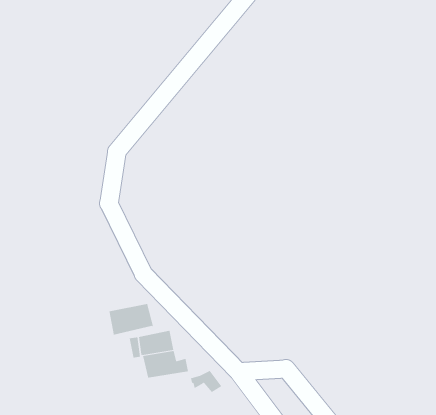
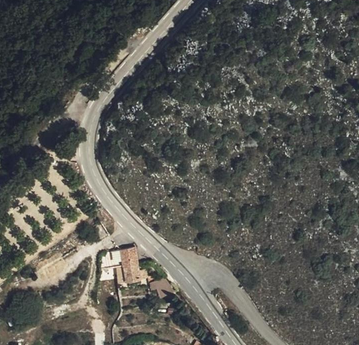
building: [109,303,154,336] -> none

